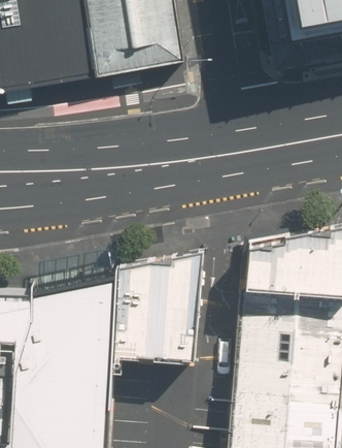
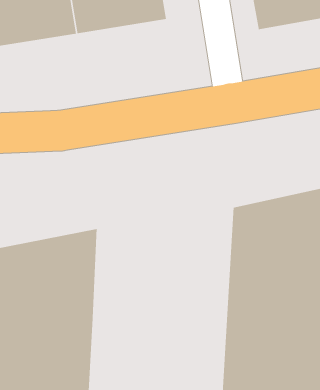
building: [112,247,205,357] -> none

